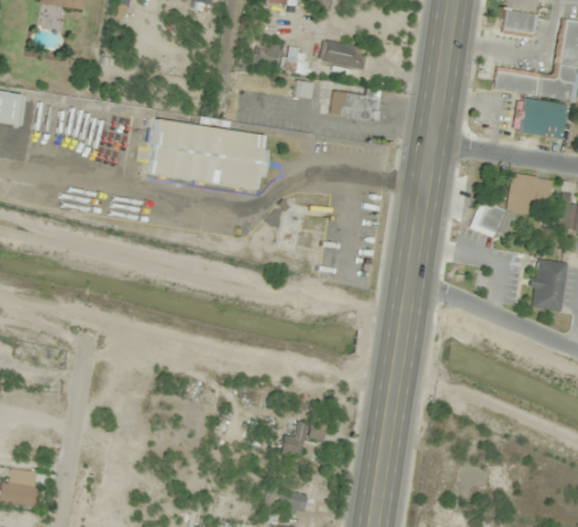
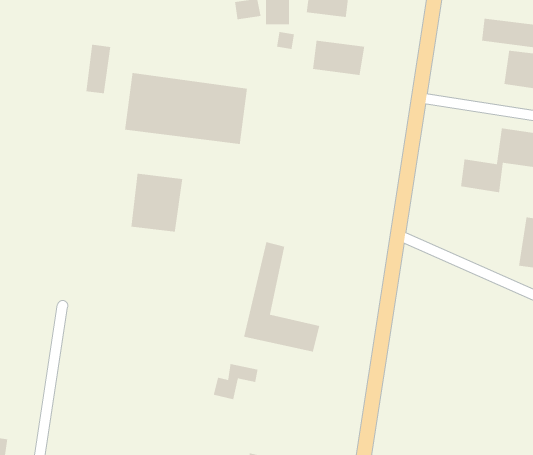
building: none -> [86,44,111,94]
building: none -> [131,173,183,233]
building: none -> [243,241,320,353]
building: [281,421,325,457] -> [213,363,258,400]

